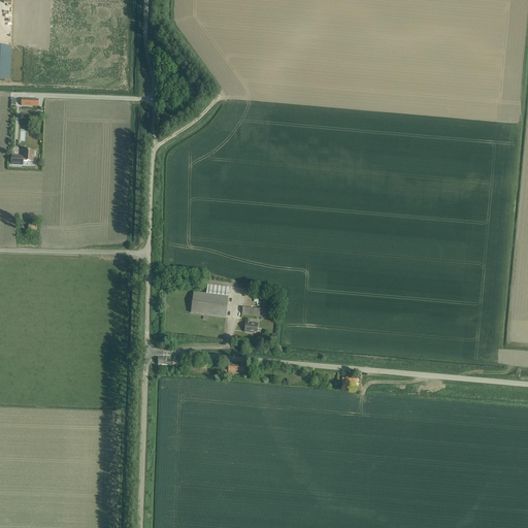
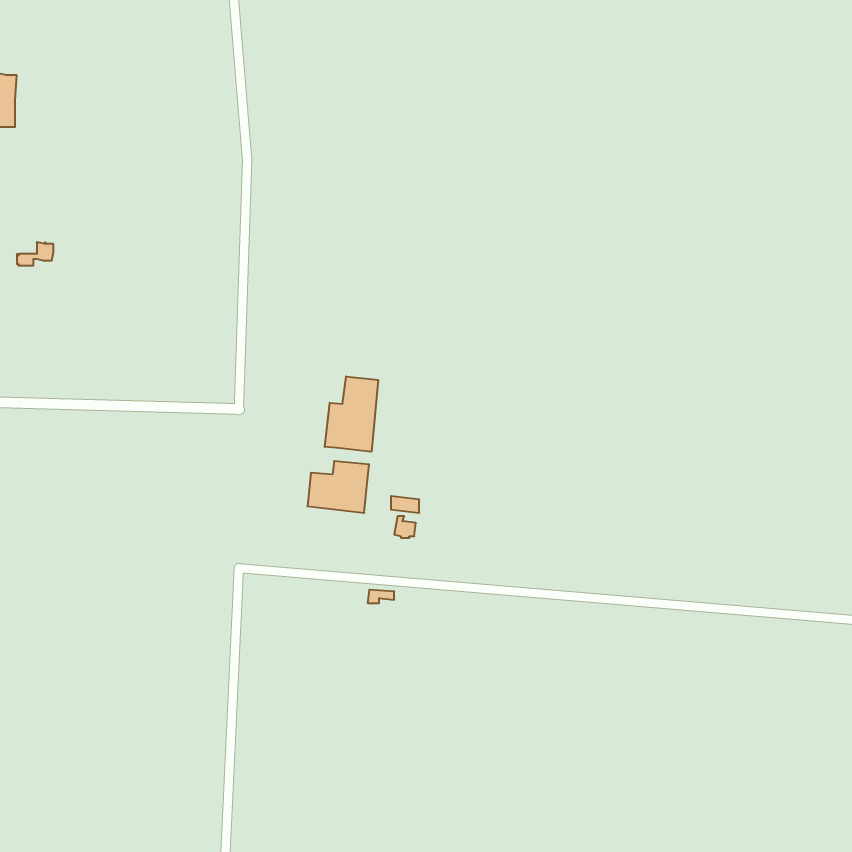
building: none -> [325,376,378,452]

